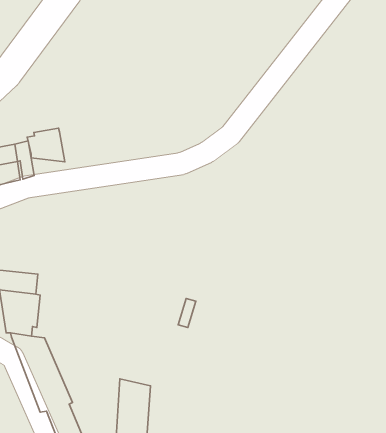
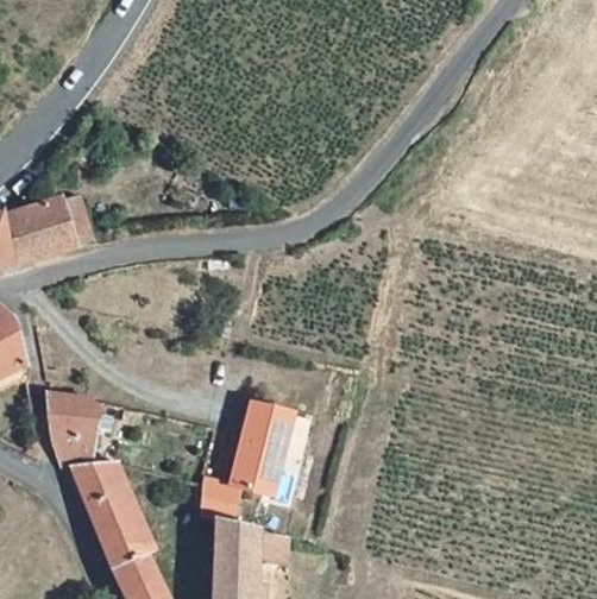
building: [27,128,65,162] -> none
building: none -> [203,397,297,511]

